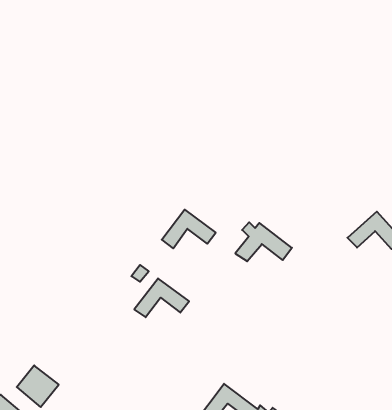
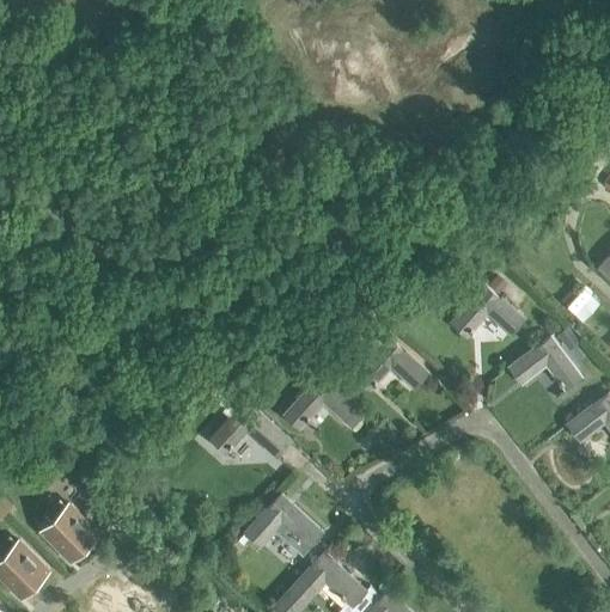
building: none -> [450,283,524,336]
building: [162,210,216,248] -> [287,374,361,426]
building: none -> [244,494,323,547]

